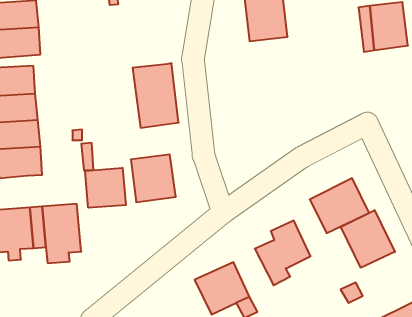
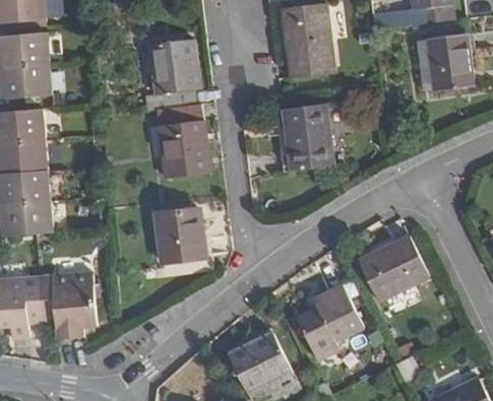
building: none -> [144,41,199,112]
building: none -> [285,105,343,172]
building: [85,168,126,208] -> none
building: [341,210,395,268] -> none

